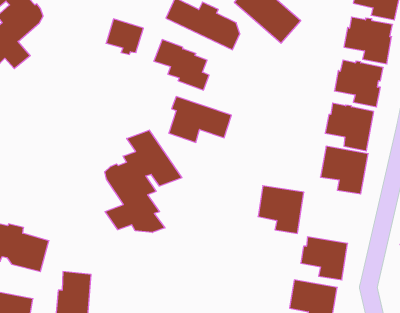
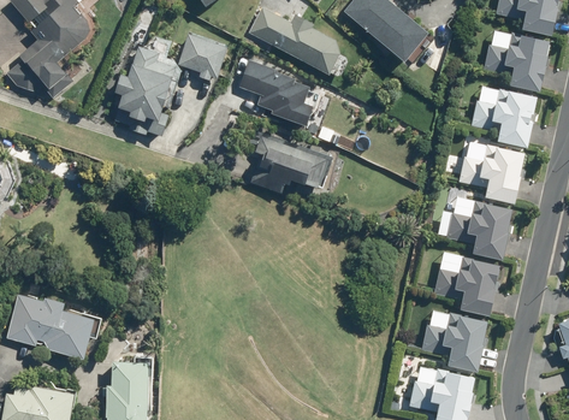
building: none -> [108,46,172,135]
building: [105,130,182,233] -> none
building: [258,186,304,233] -> [438,256,497,318]

